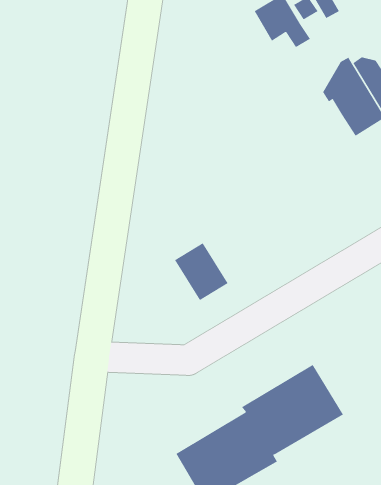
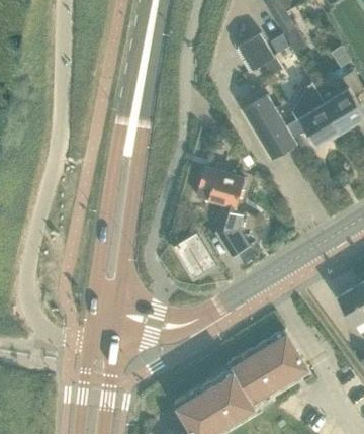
building: none -> [242,95,307,160]
building: none -> [196,167,249,256]

